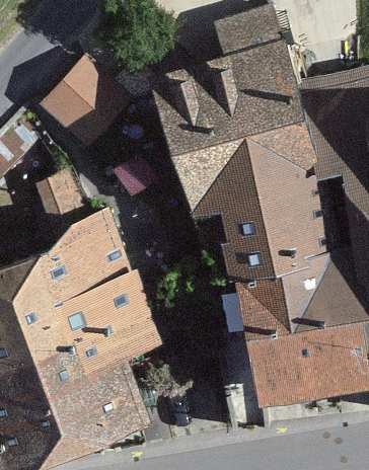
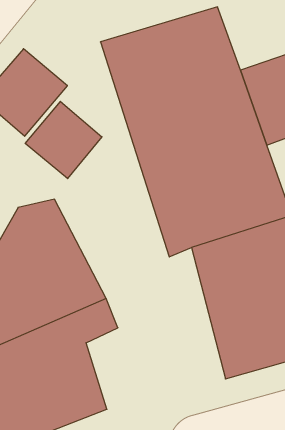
building: none -> [25,101,102,179]

